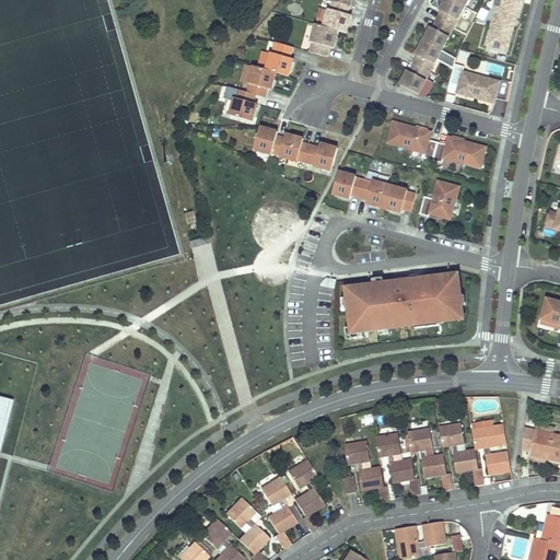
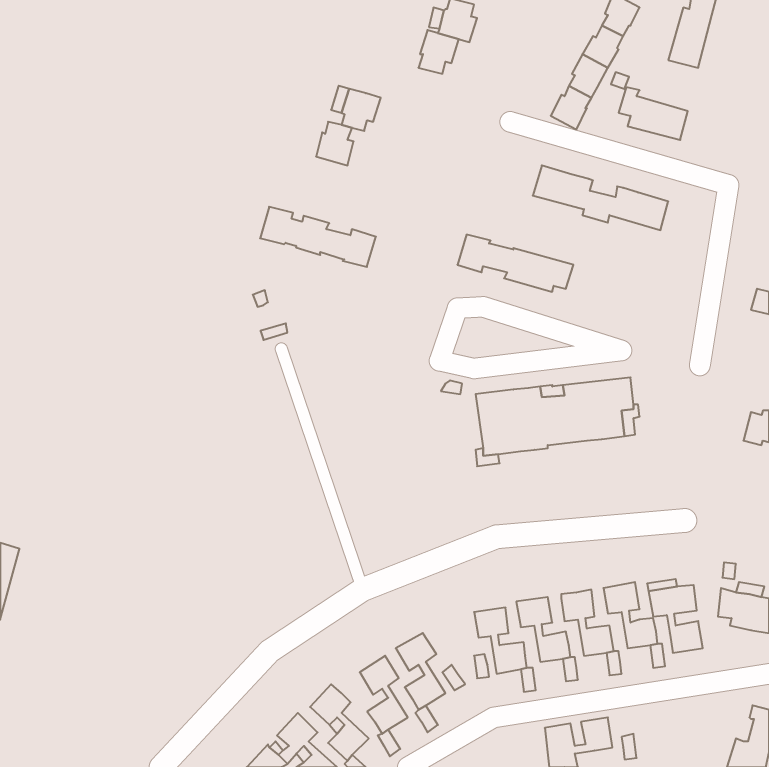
building: [266,42,294,74] -> none
building: [254,126,338,170] -> [260,207,376,267]
building: [420,180,459,218] -> none

